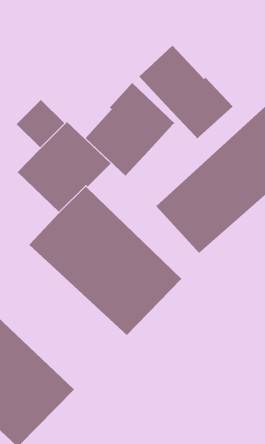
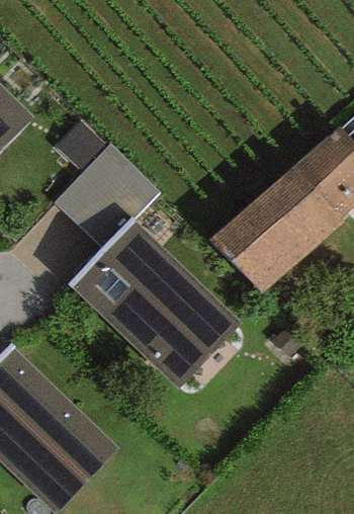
building: [139,45,233,140] -> none
building: [85,82,176,176] -> none

